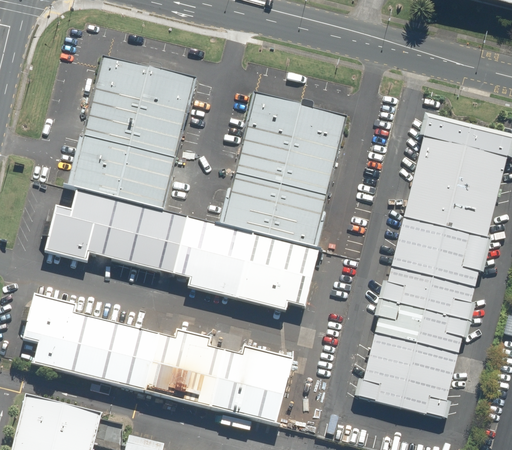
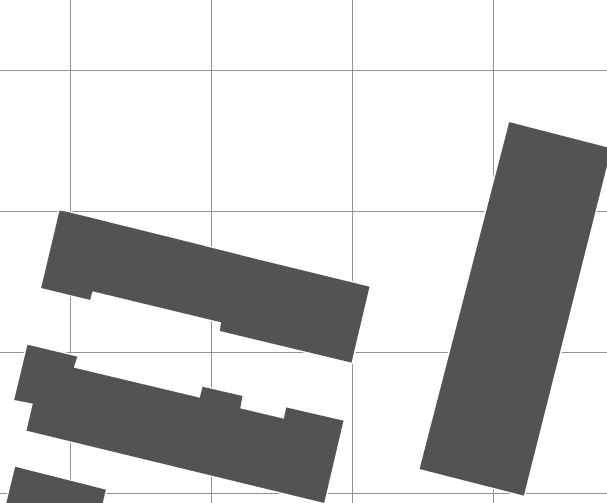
building: [68,59,196,211] -> none
building: [224,94,347,248] -> none

